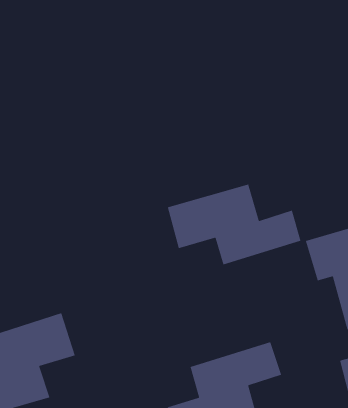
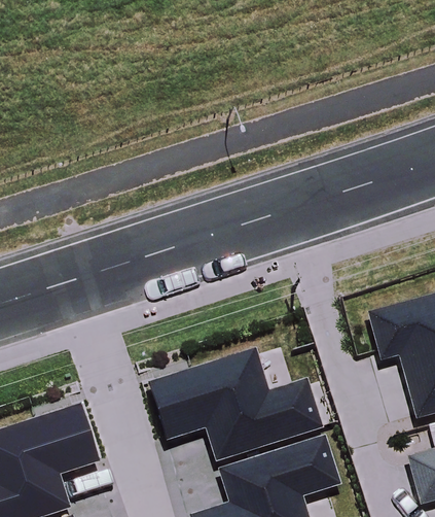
building: [167,183,301,266] -> [158,351,317,448]

